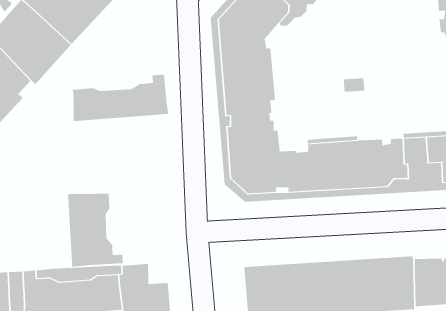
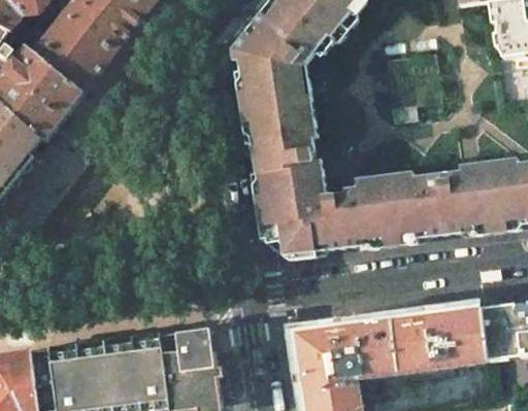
building: [73,74,169,122] -> none
building: [68,193,123,268] -> none

